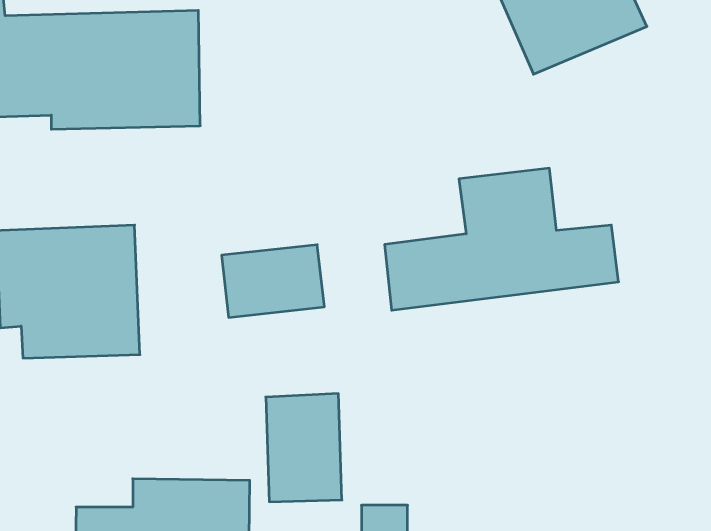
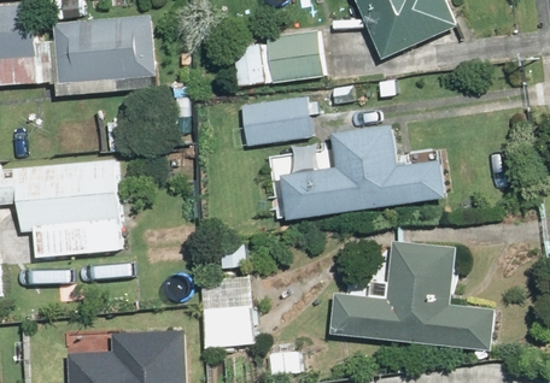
building: none -> [230,26,326,86]
building: [222,245,324,317] -> [239,96,309,146]
building: none -> [330,242,493,347]

